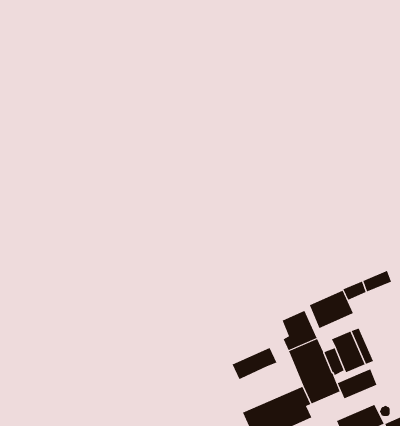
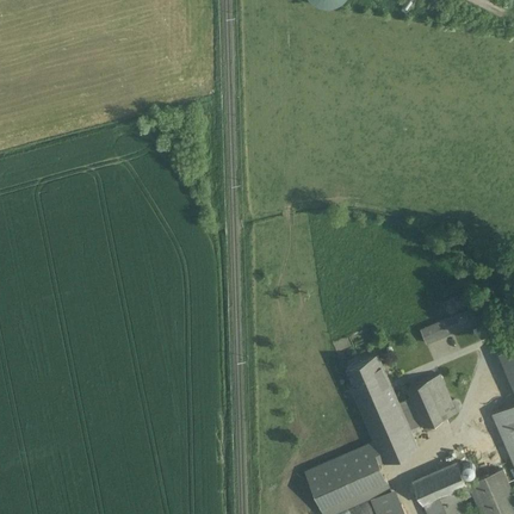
building: [309,290,353,329] -> none
building: [232,347,277,380] -> none
building: [337,368,377,399] -> none

